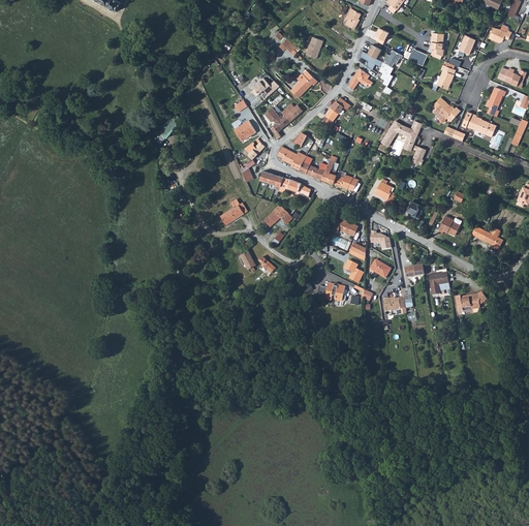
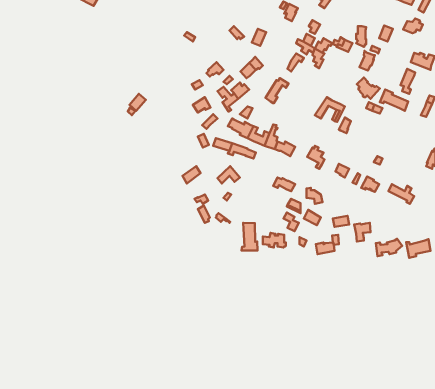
building: none -> [242,223,258,250]
building: none -> [406,239,430,258]

